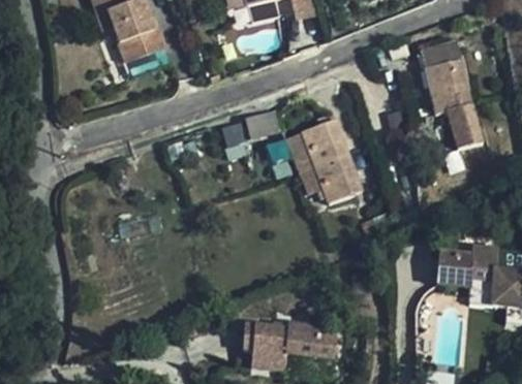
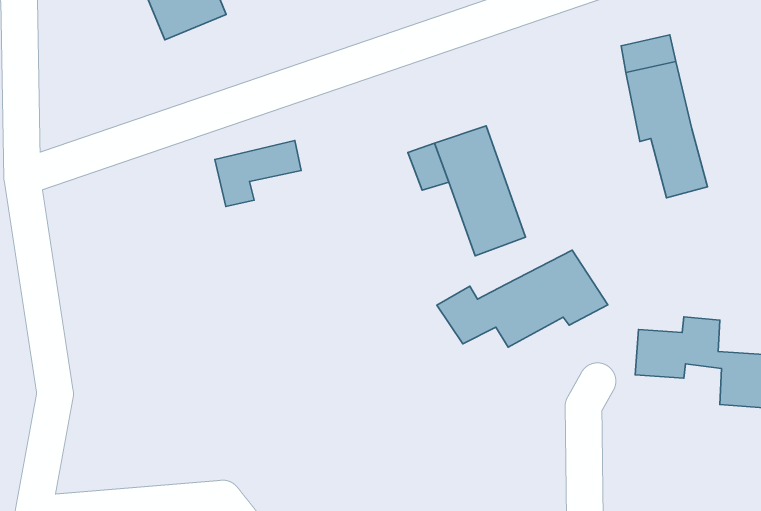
building: [221,109,278,153] -> [215,141,301,206]
building: none -> [437,250,608,347]
building: [244,324,336,367] -> none

